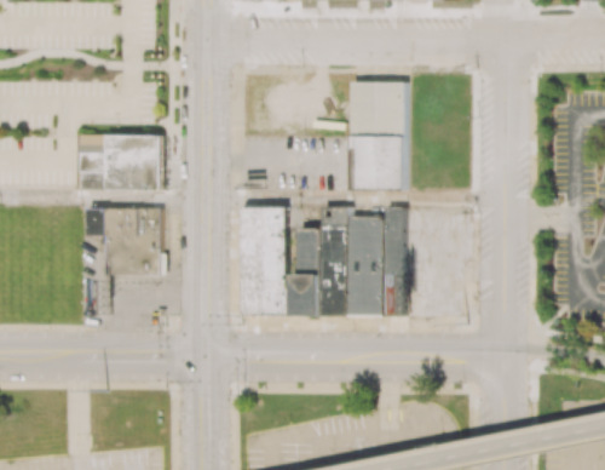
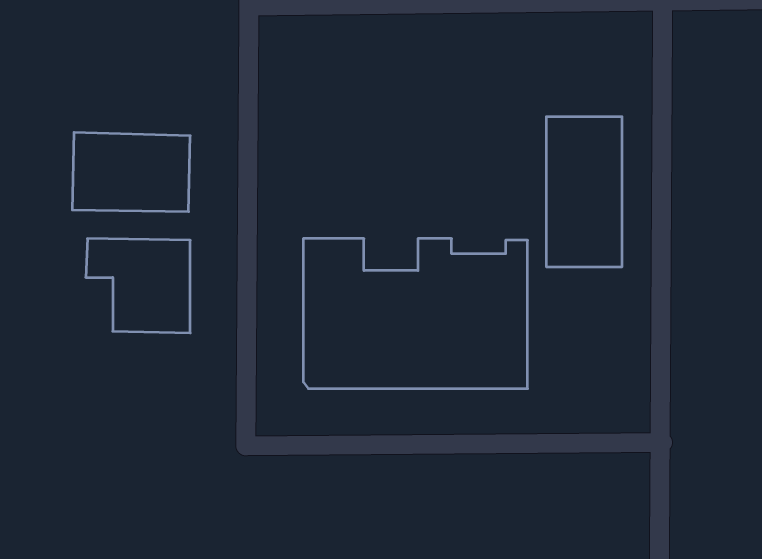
building: [351,81,405,189] -> [546,117,622,267]

